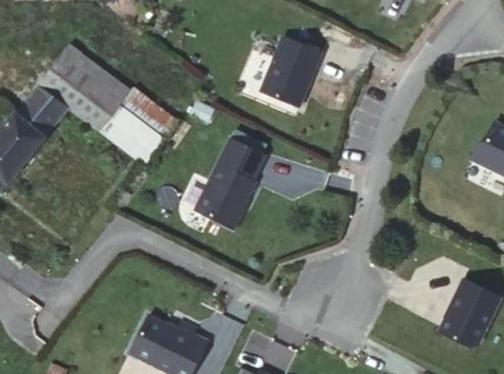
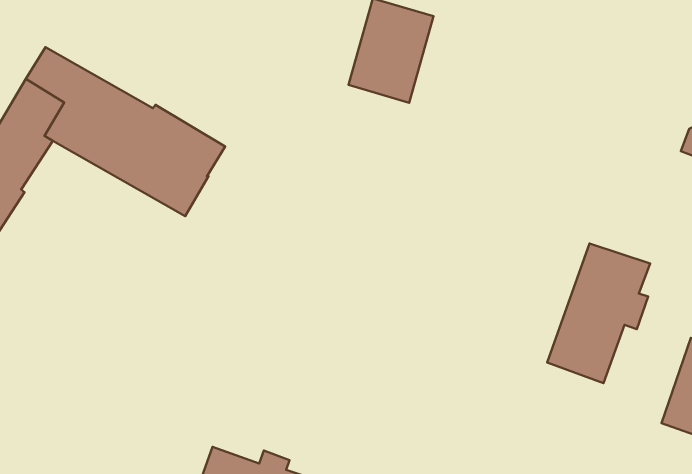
building: [196,139,265,228] -> none
building: none -> [547,244,650,383]

